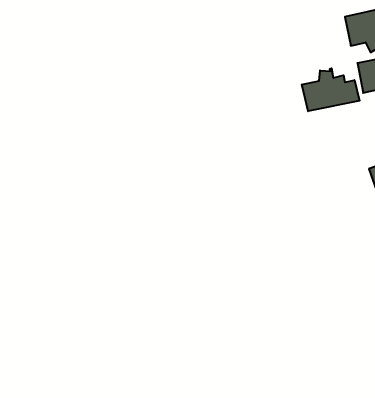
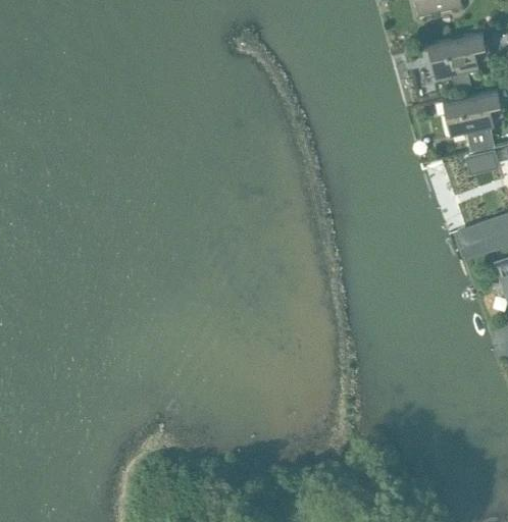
building: [302,68,360,111] -> none

